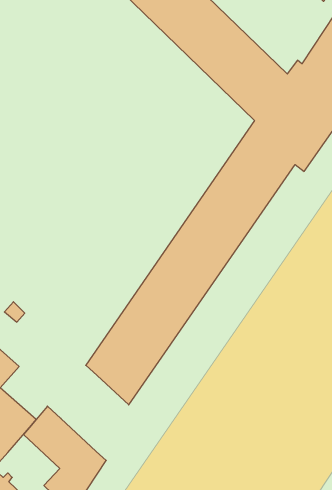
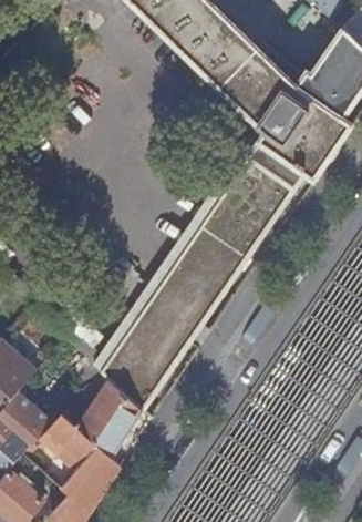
building: none -> [76,380,143,454]

